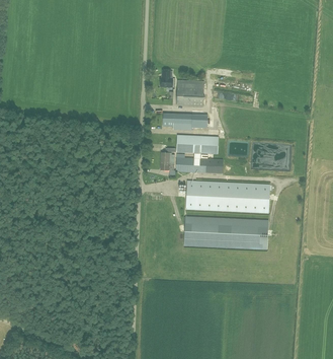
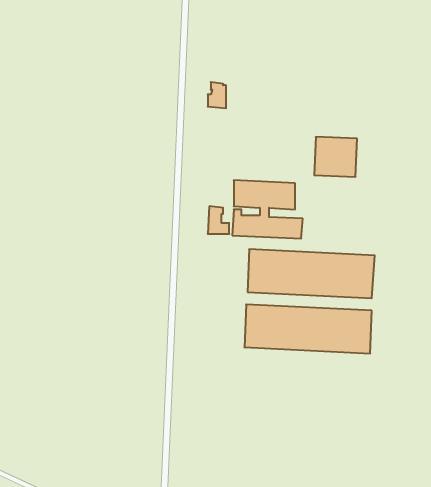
building: [176,79,204,105] -> [314,137,357,177]
building: [162,113,192,129] -> none

